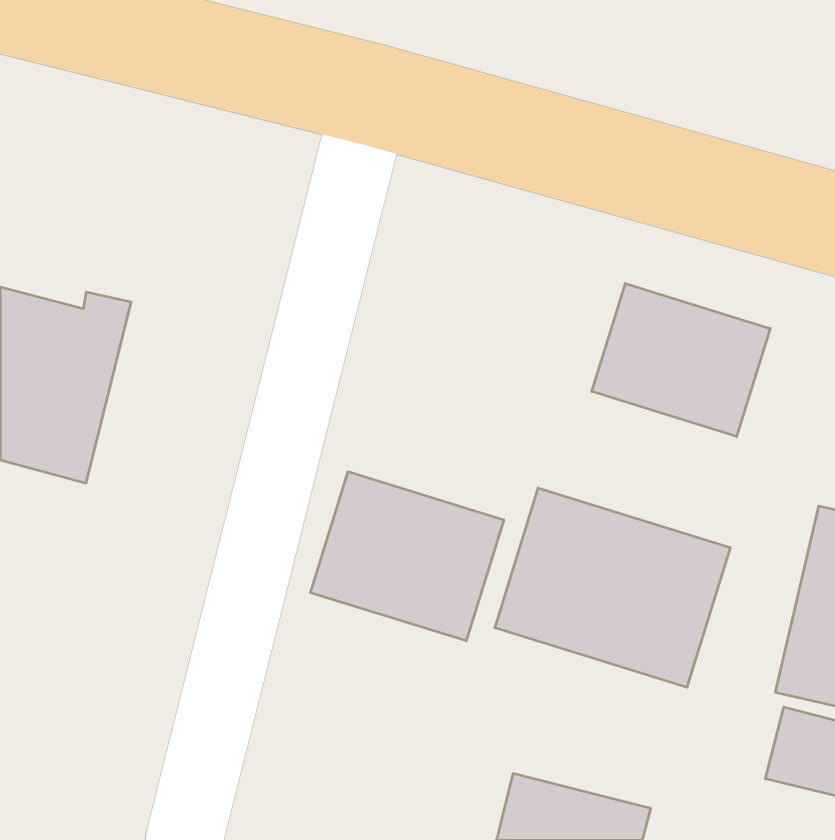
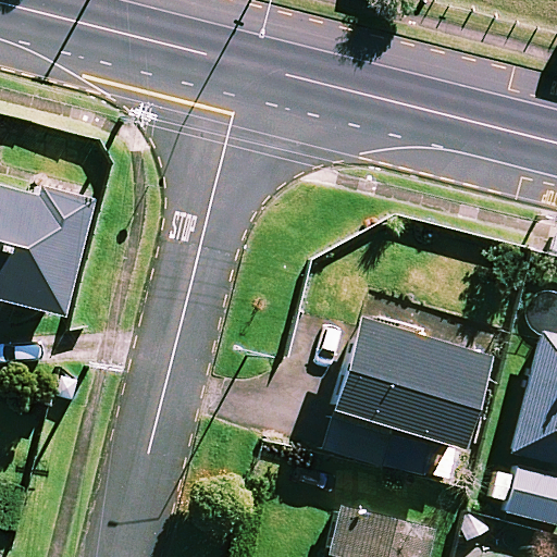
building: [592,283,770,437] -> none
building: [311,472,504,641] -> none

